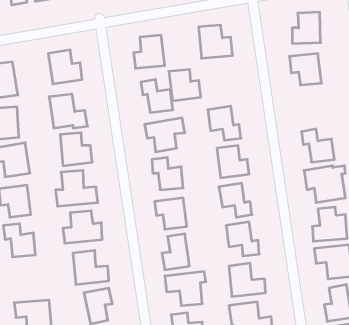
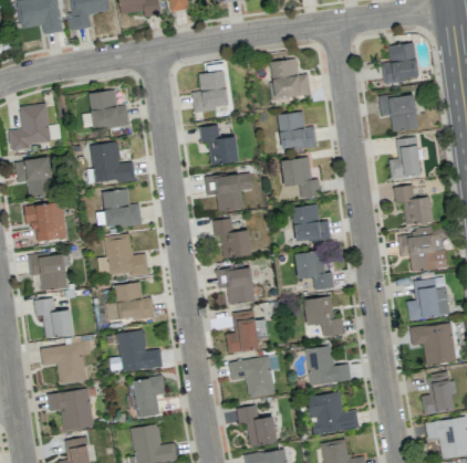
building: [169,70,201,101] -> [278,113,316,150]
building: none -> [390,137,423,179]
building: none -> [41,341,91,385]

